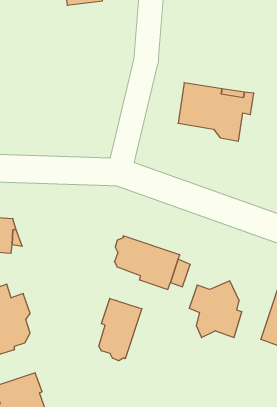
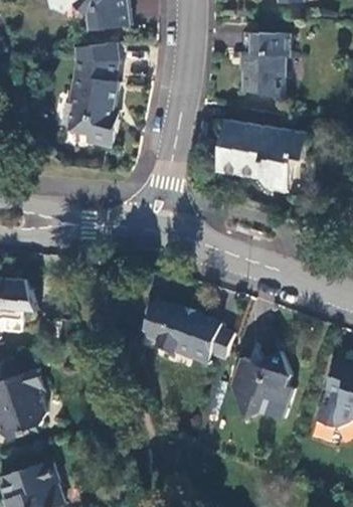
building: none -> [243,33,290,97]
building: none -> [67,43,118,147]
building: [99,298,142,361] -> none

